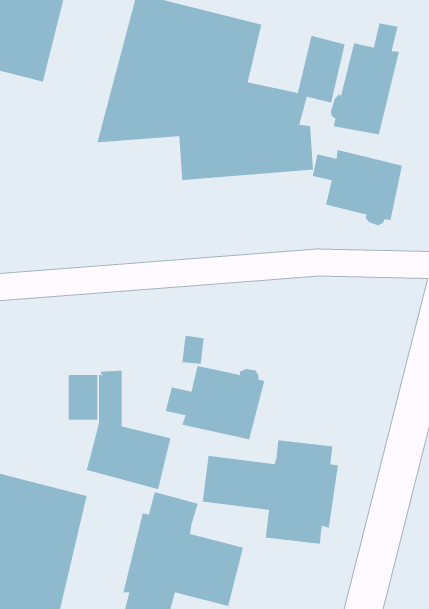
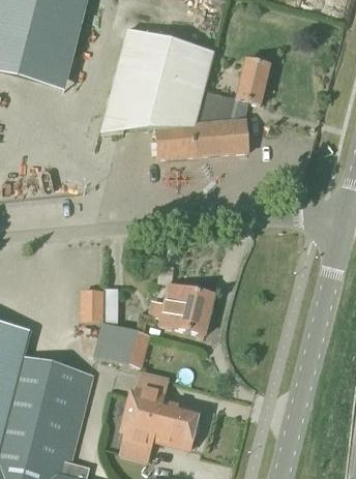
building: [330,22,400,135] -> none
building: [312,149,403,226] -> none
building: [202,439,338,544] -> none

